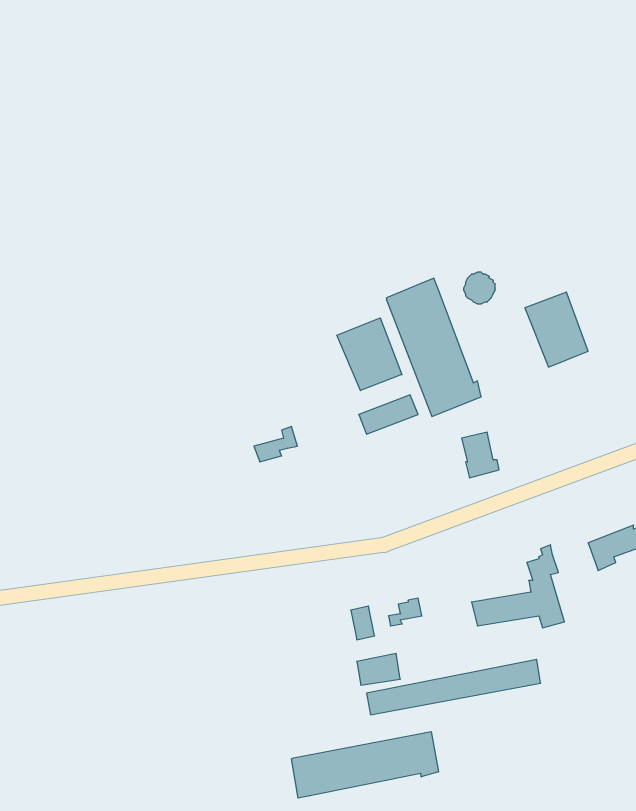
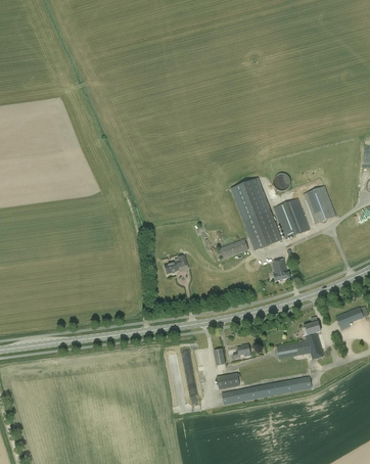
building: none -> [274,197,310,238]
building: [337,318,402,391] -> none
building: [292,732,439,798] -> none

